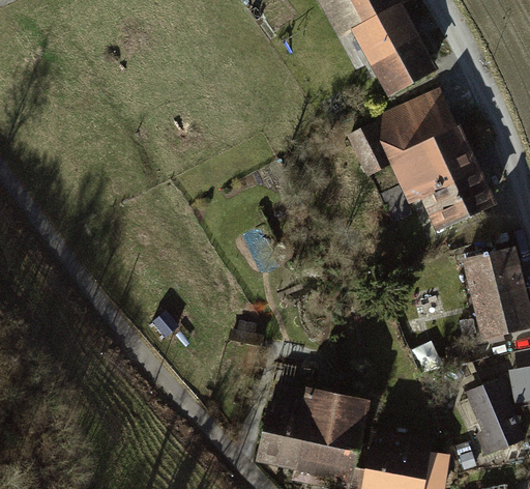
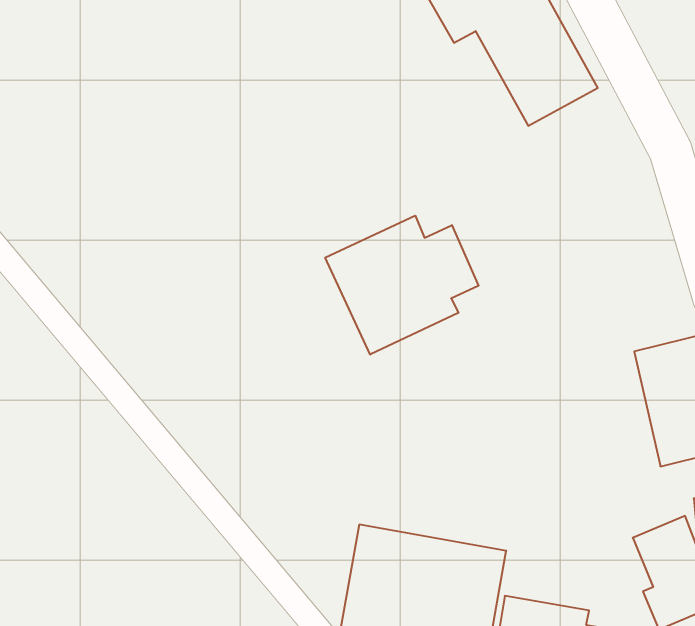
building: [347,88,499,233] -> none
building: none -> [325,216,479,355]

